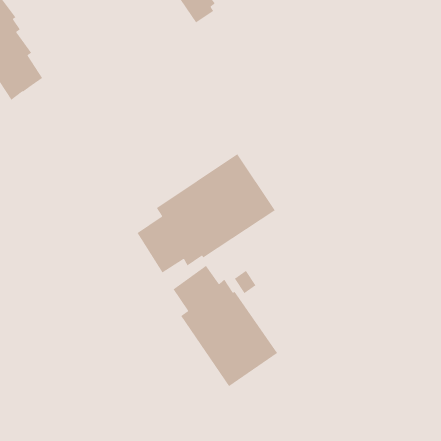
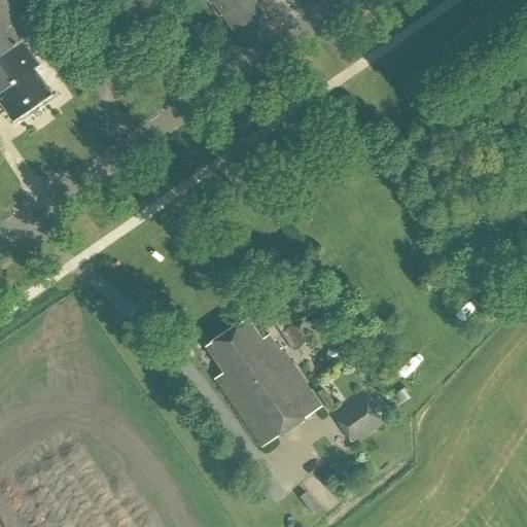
building: [136,153,276,273] -> none
building: none -> [330,393,381,445]

